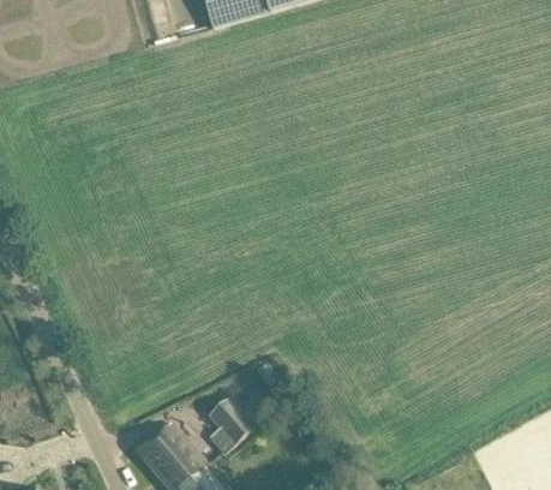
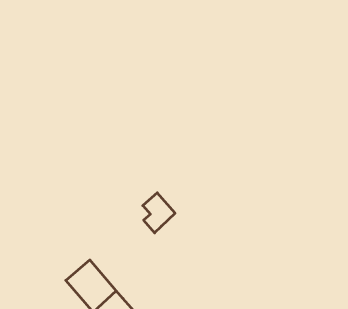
building: [208,395,253,452] -> [143,193,175,233]

